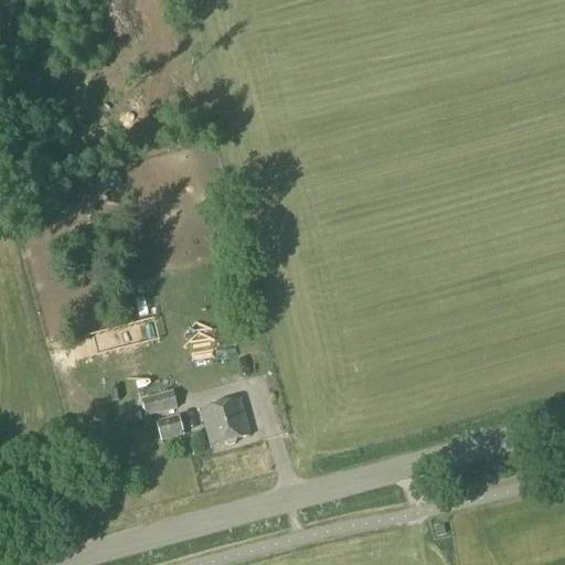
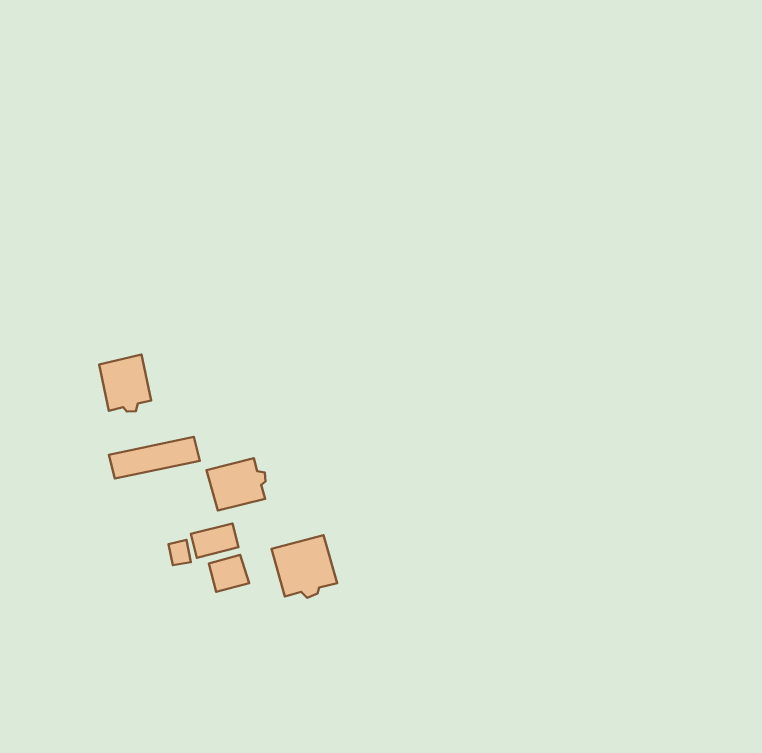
building: none -> [99,355,151,412]
building: none -> [206,458,266,511]

